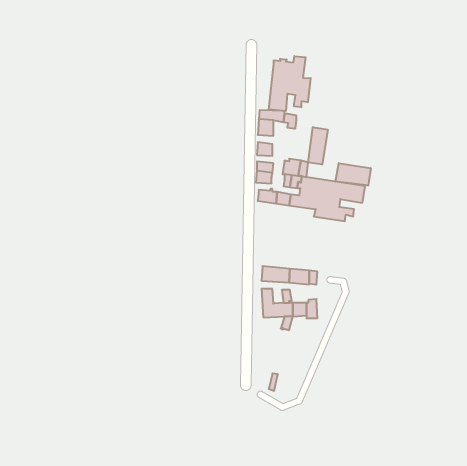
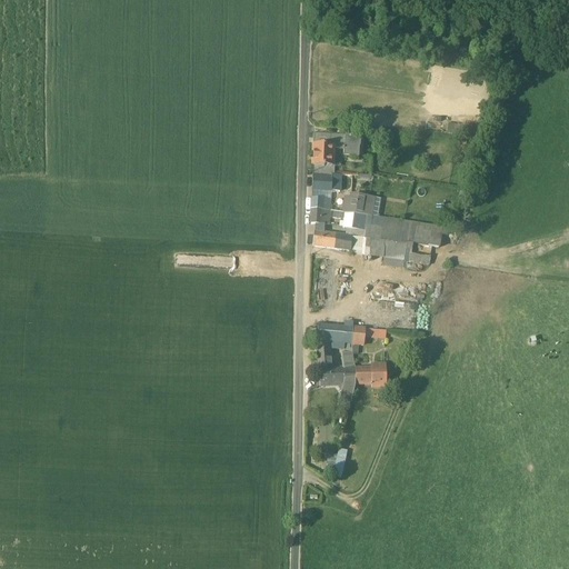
building: [269,56,311,111] -> none
building: [308,127,328,165] -> none
building: [336,163,371,186] -> none

